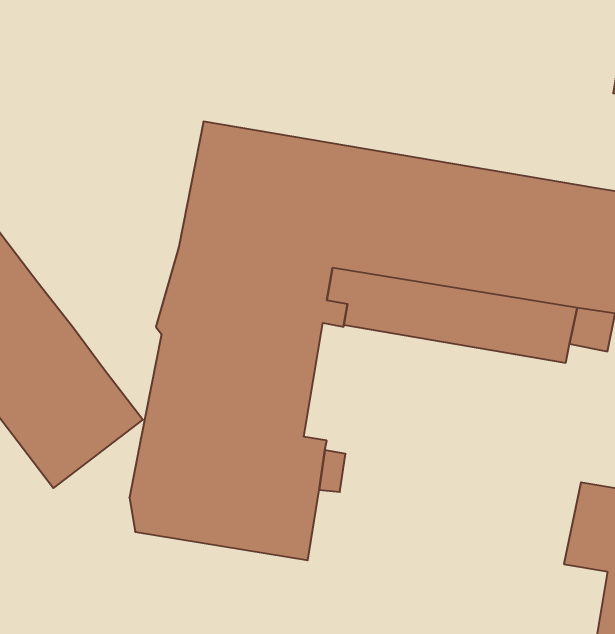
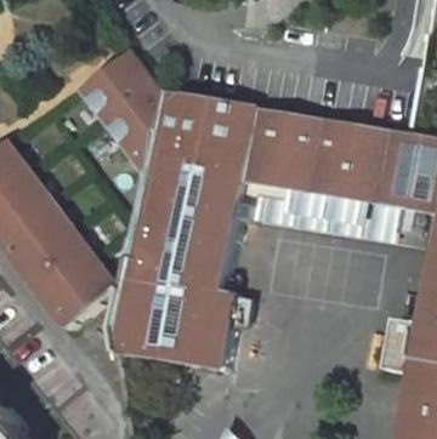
building: none -> [70,45,152,169]

